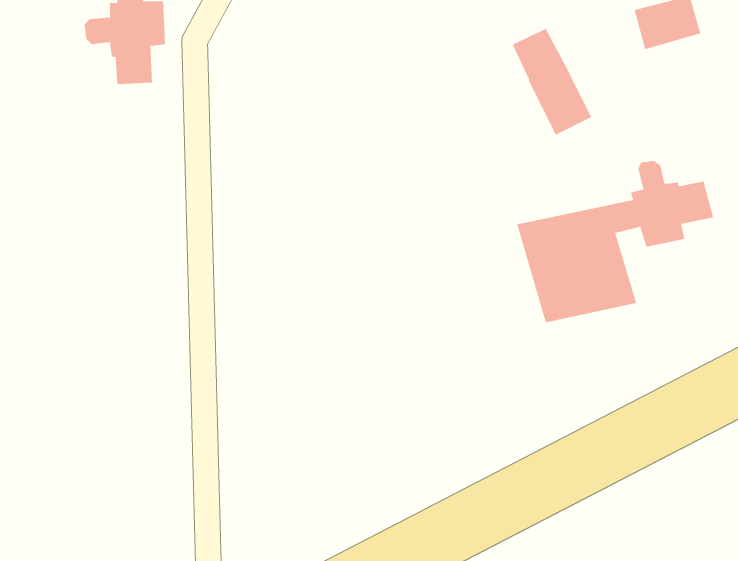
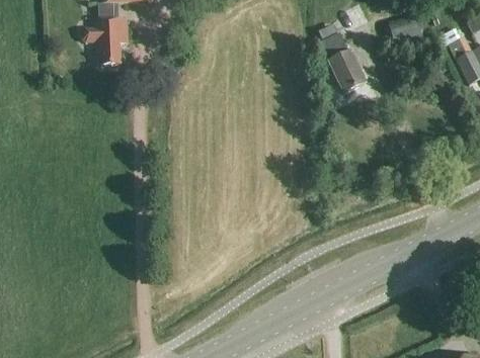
building: [517,160,714,323] -> none

